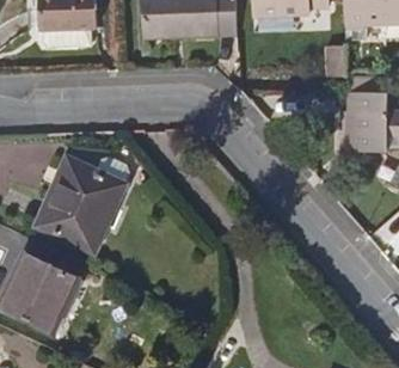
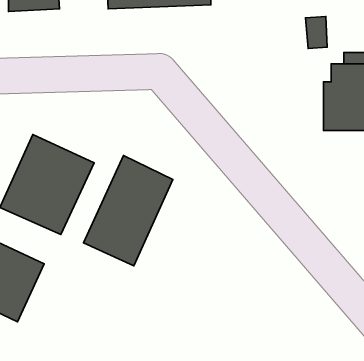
building: none -> [83,155,173,266]

